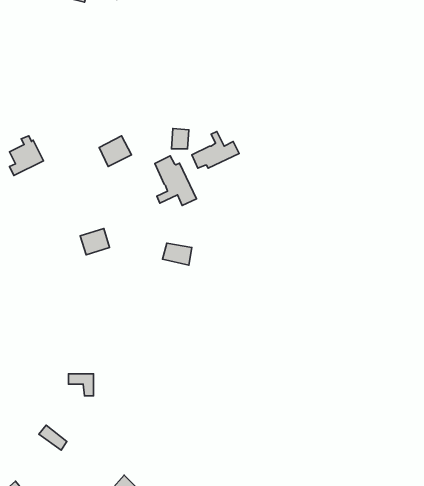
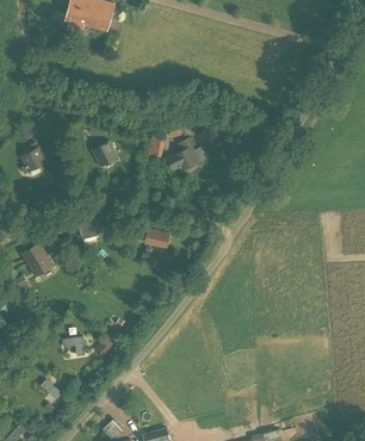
building: [155,156,197,205] -> none
building: none -> [19,242,52,278]

